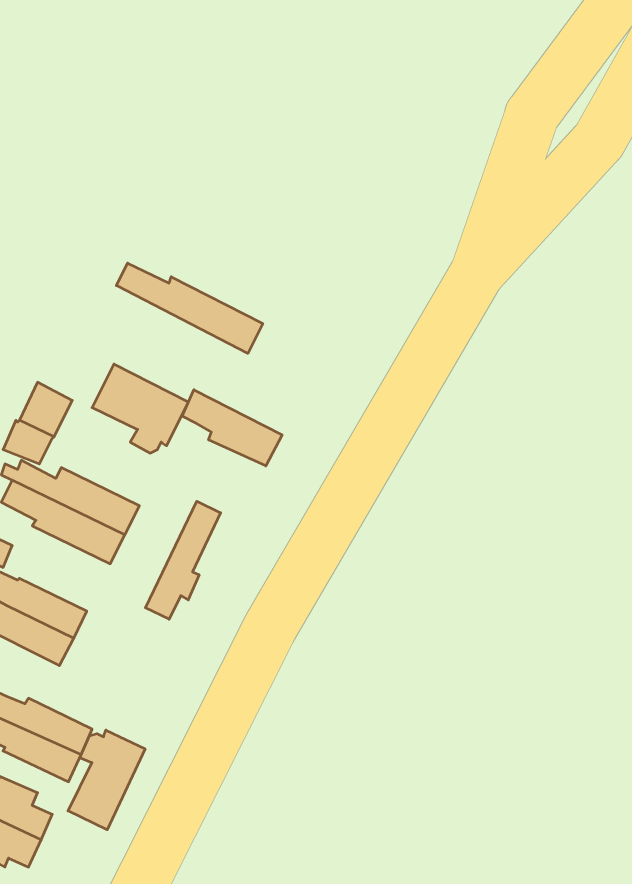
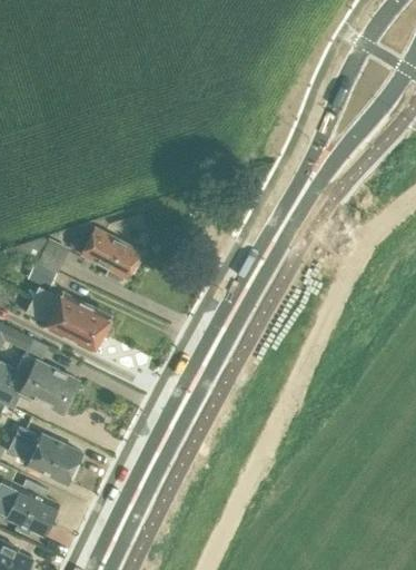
building: [116,263,263,353] -> none
building: [182,390,282,466] -> none
building: [145,501,221,619] -> none
building: [68,730,145,830] -> none

